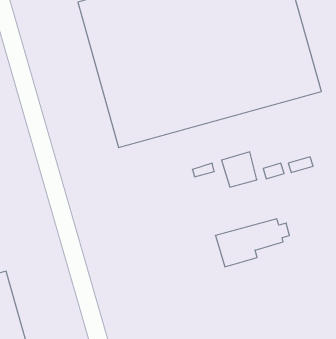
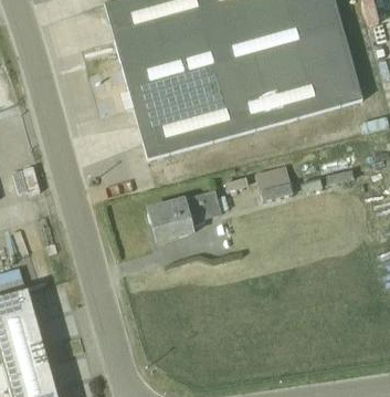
building: [215,219,289,267] -> [149,189,228,240]

